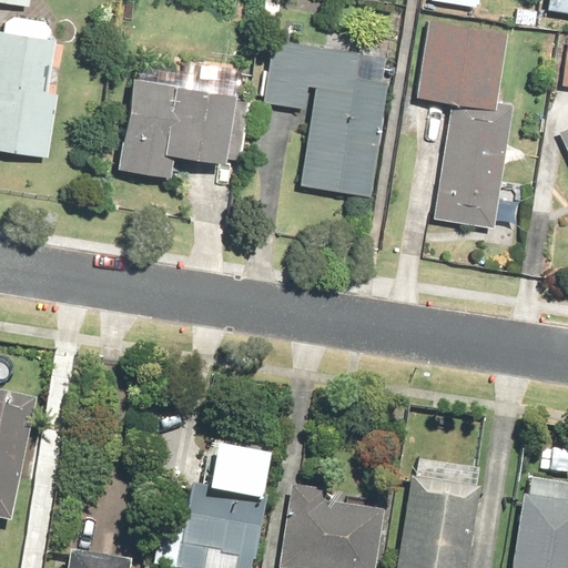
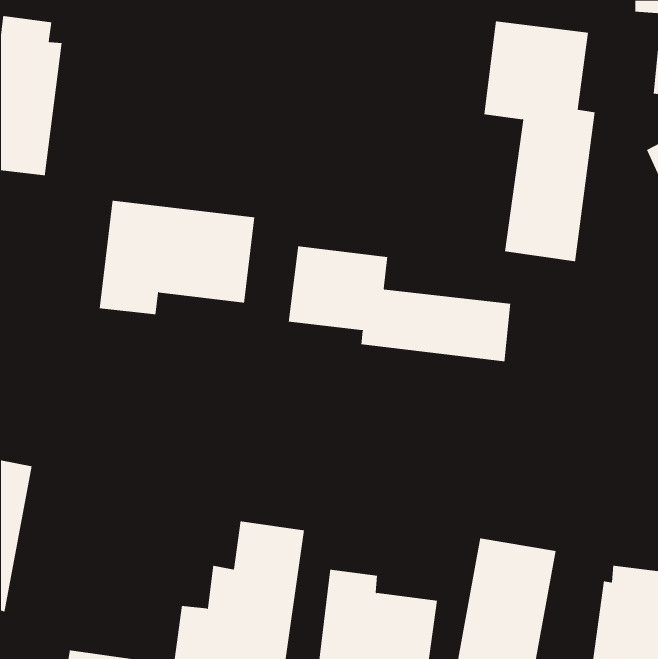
building: [262,36,387,197] -> none
building: [118,78,251,175] -> [99,200,255,315]
building: none -> [288,245,511,362]

